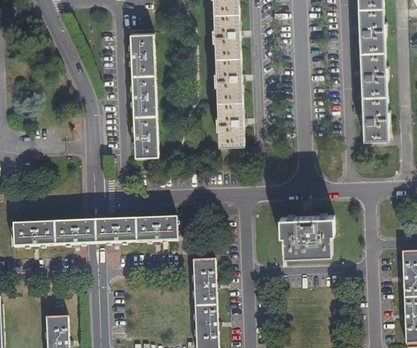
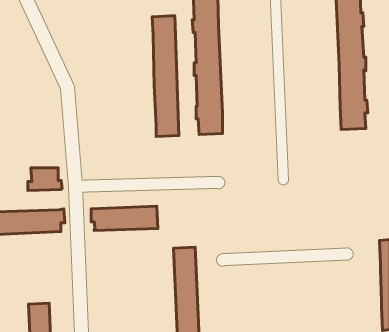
building: [130,31,157,154] -> [152,16,179,136]
building: [280,213,335,253] -> none
building: [78,219,113,242] -> [28,168,62,190]

